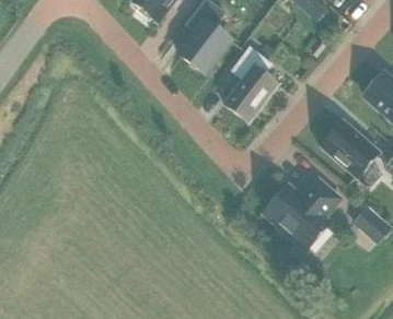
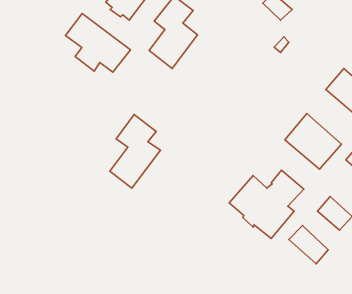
building: none -> [66,14,130,72]
building: [224,46,277,122] -> [110,115,160,188]
building: none -> [289,225,328,264]

